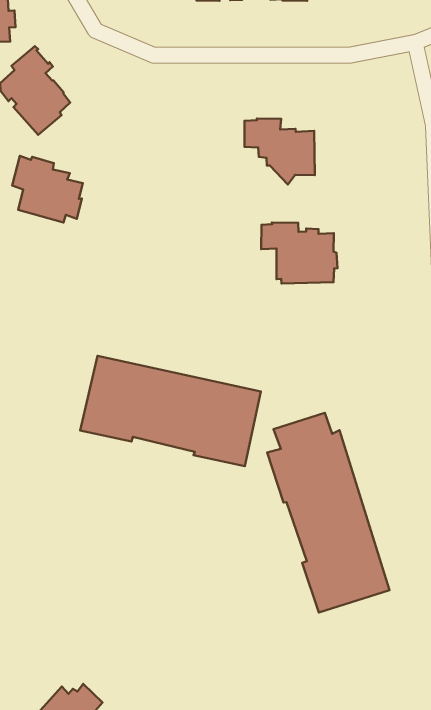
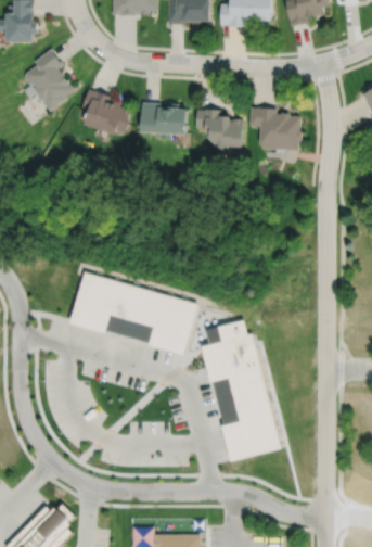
building: none -> [141,102,189,141]
building: [12,156,83,223] -> [81,89,131,138]
building: [261,223,337,283] -> [251,107,304,152]

